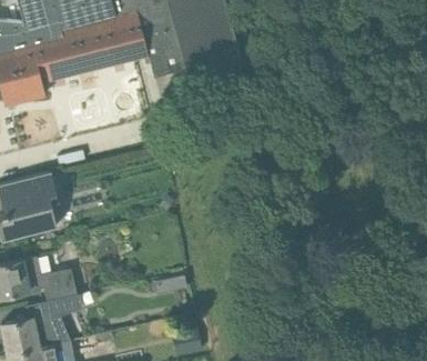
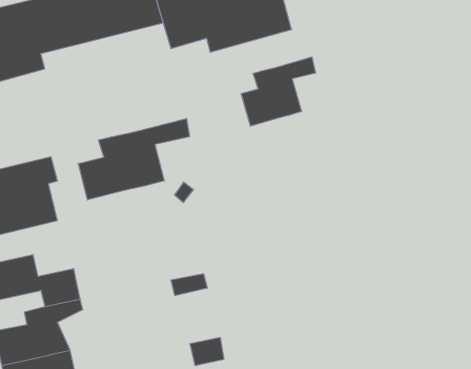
building: none -> [241,57,315,126]
building: none -> [78,118,189,200]

